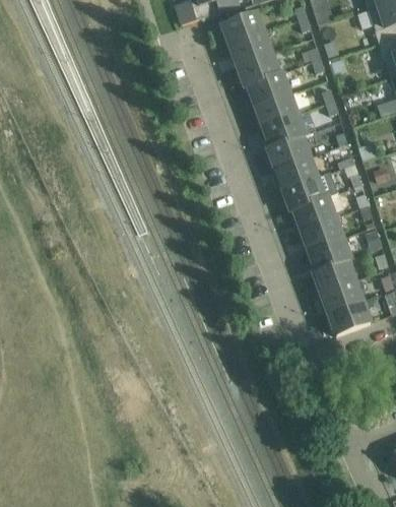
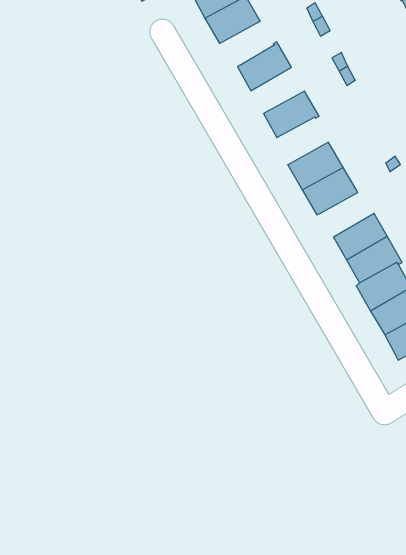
building: [238,53,280,86] -> none
building: [256,92,298,125] -> none
building: [267,134,310,168] -> none
building: [294,194,336,230] -> none

